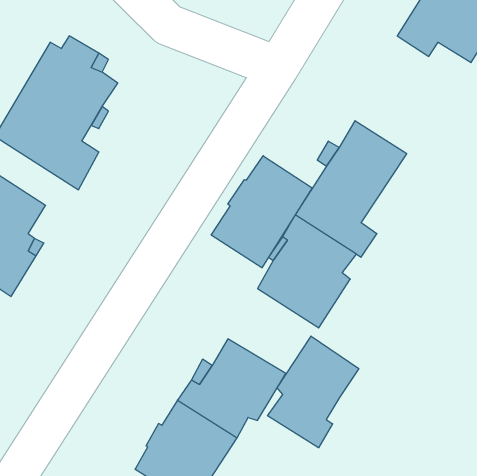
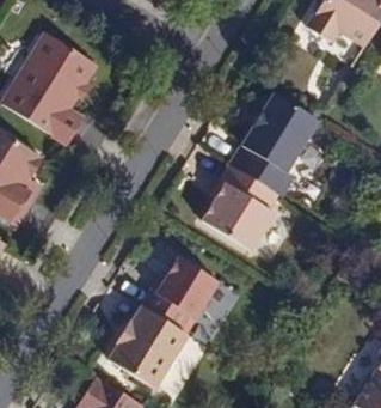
building: [211,156,312,268] -> none
building: [268,336,359,448] -> none

